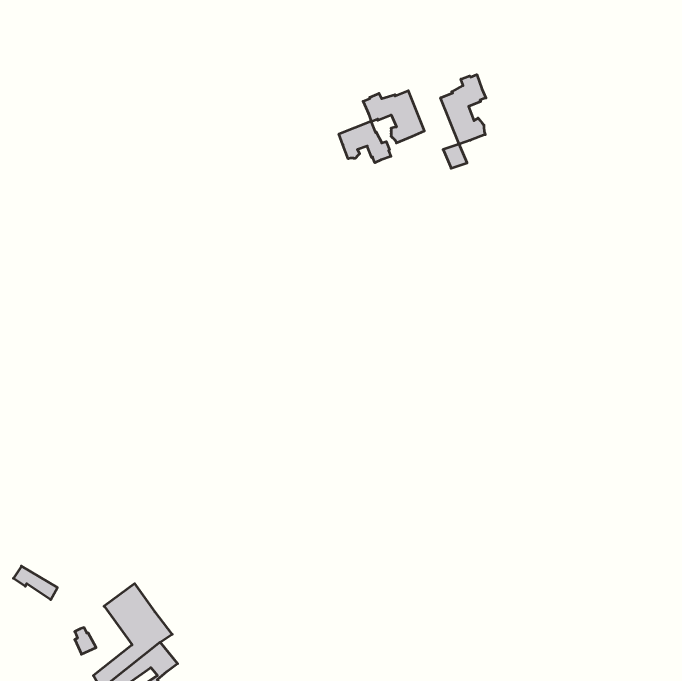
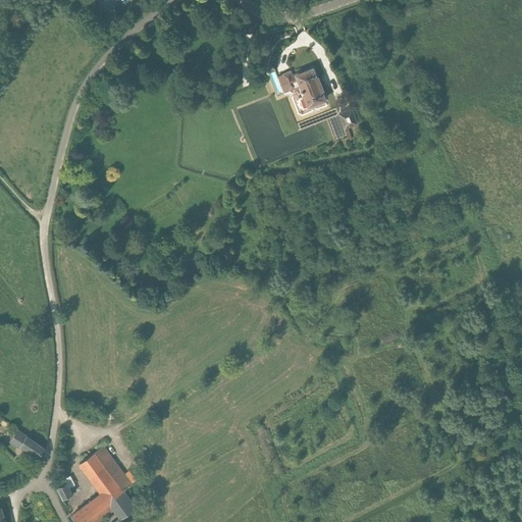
building: [441,75,486,144] -> none
building: [339,121,391,163] -> none

